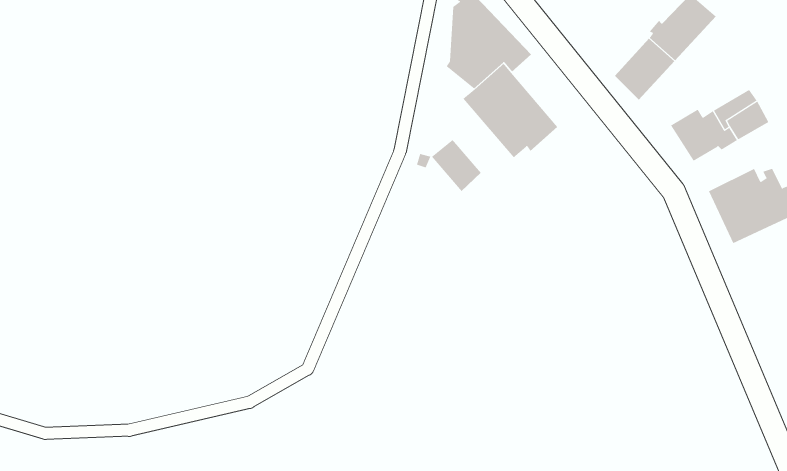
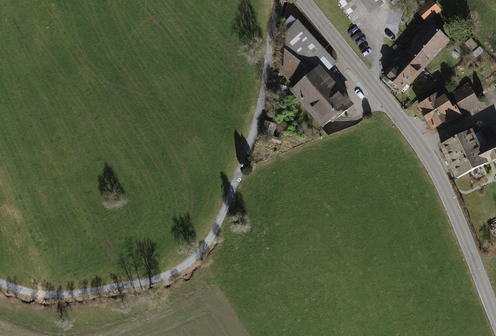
building: [431,139,482,192] -> none

